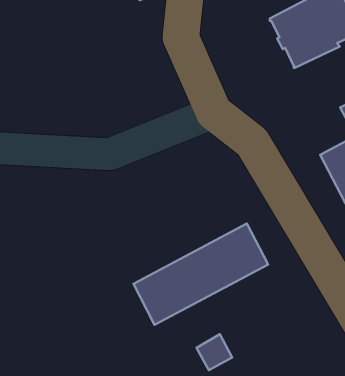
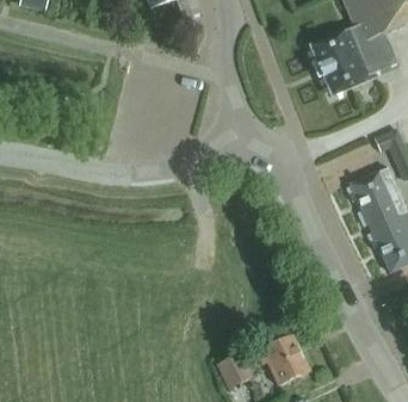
building: [133,224,268,325] -> none
building: none -> [255,333,308,385]

